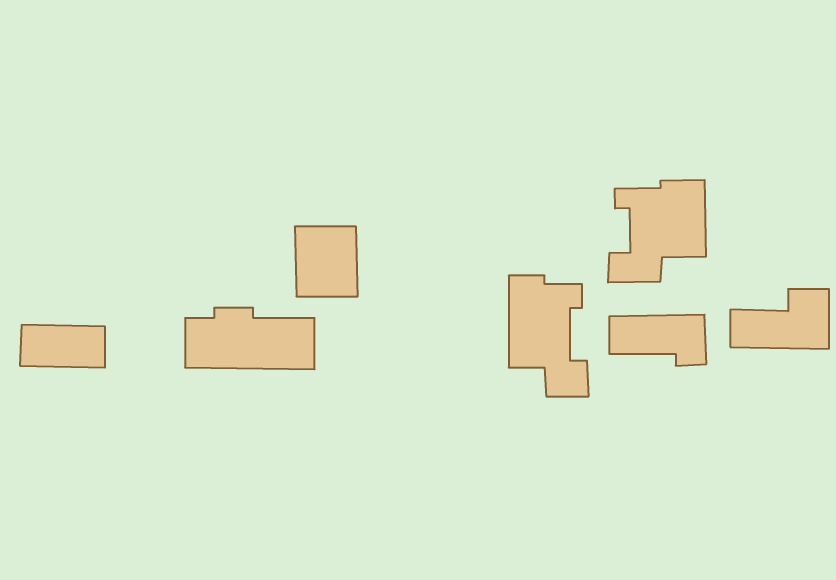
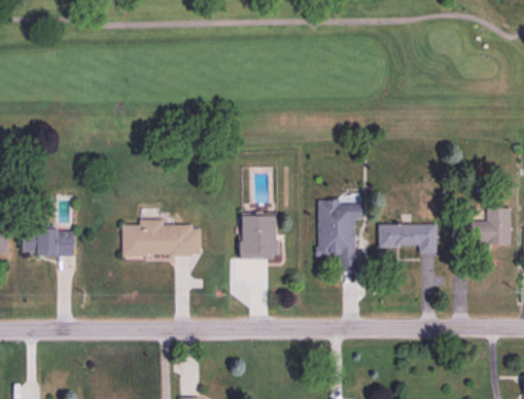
building: [608,180,706,283] -> none
building: [295,227,358,296] -> [240,216,278,258]

